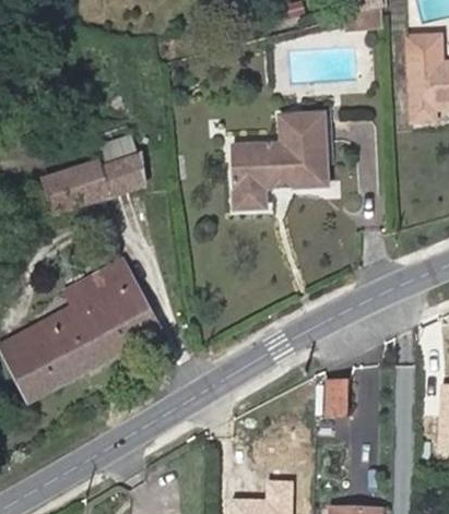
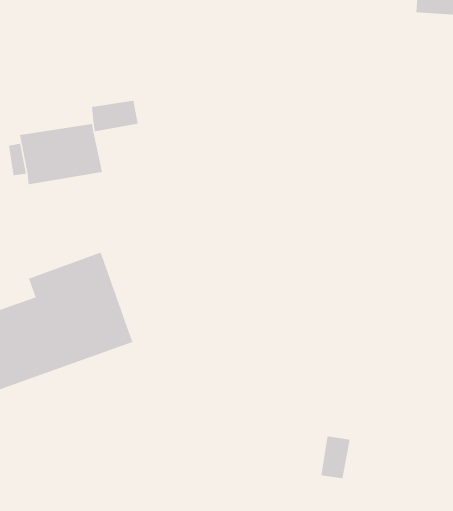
building: [232,111,327,202] -> none
building: [101,150,147,196] -> none

